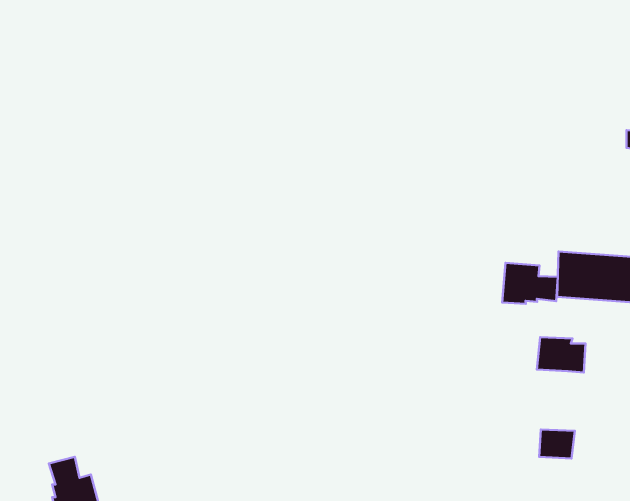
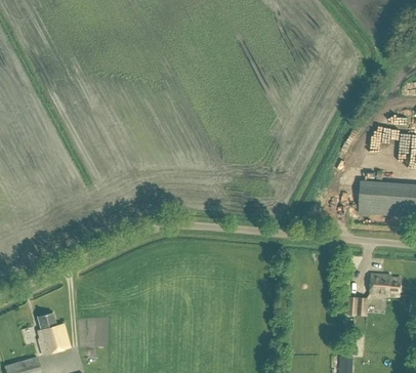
building: [502,263,558,304] -> none
building: [537,337,586,373] -> [369,274,400,296]

